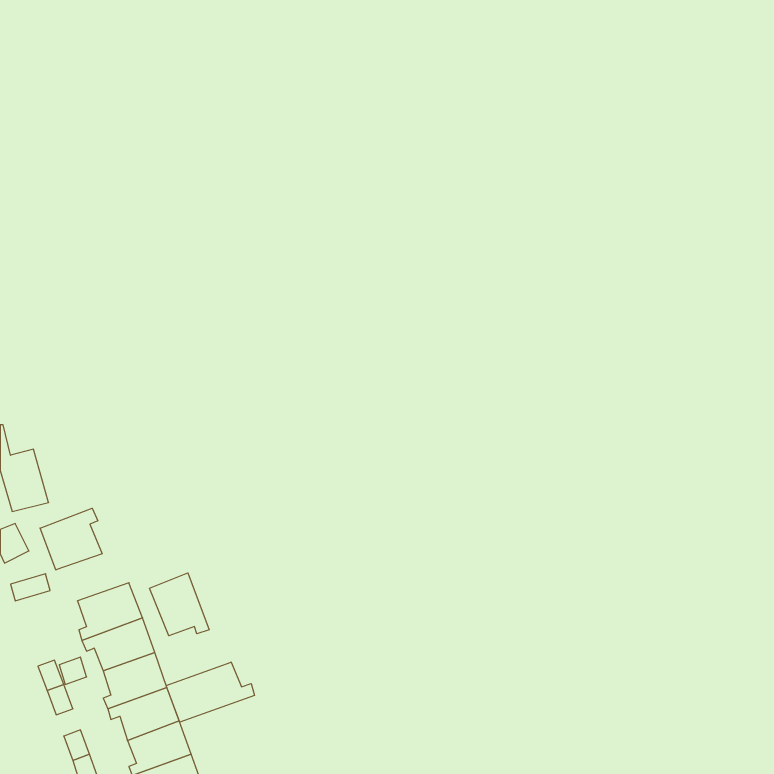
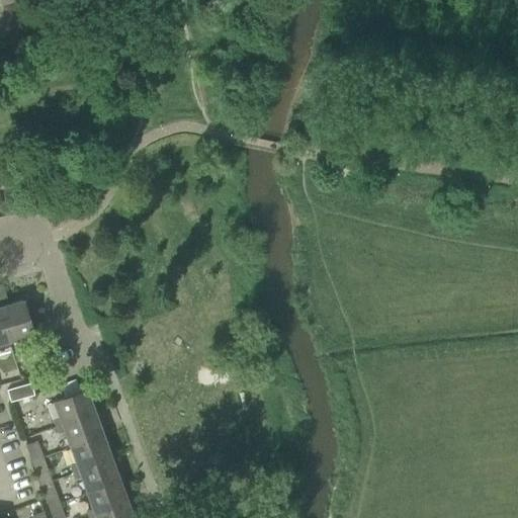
building: [40,508,102,570] -> none
building: [150,573,209,636] -> none
building: [166,662,254,722] -> none

